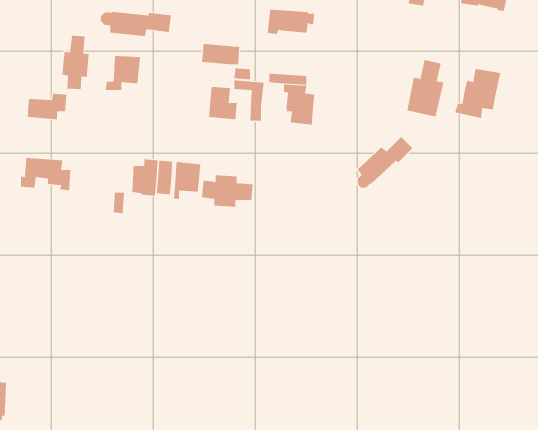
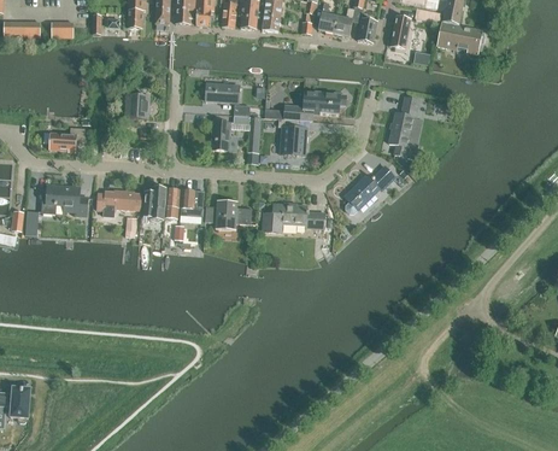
building: [267,9,315,35] -> [303,90,346,113]
building: [100,11,171,37] -> none
building: [62,35,89,90] -> none
building: [455,68,501,119] -> none
building: none -> [98,189,141,216]
building: none -> [263,203,325,233]

